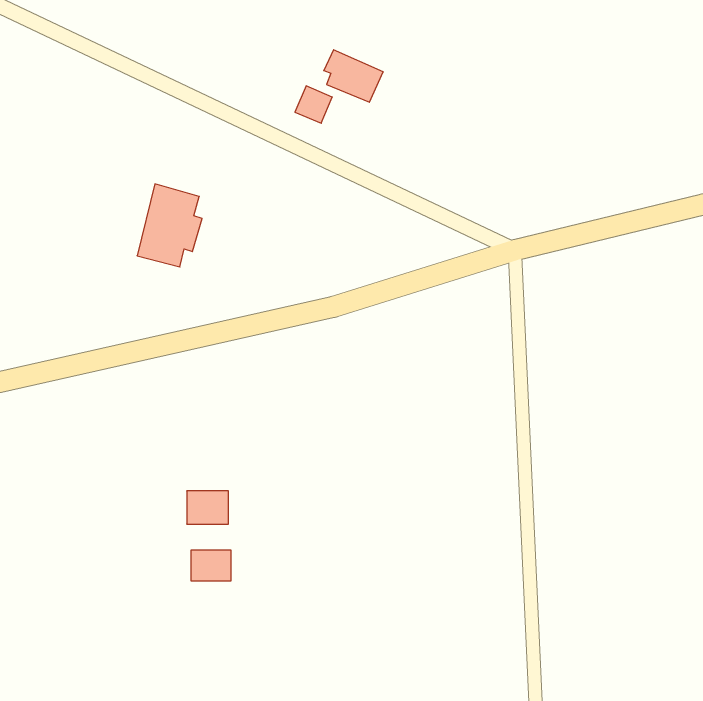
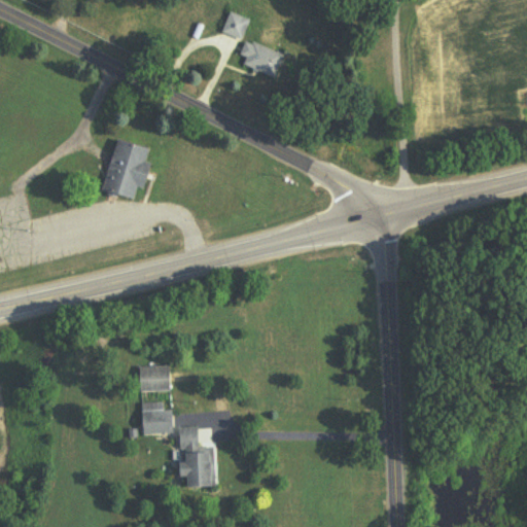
building: [295,86,332,123] -> [223,10,251,38]
building: none -> [178,426,214,486]

